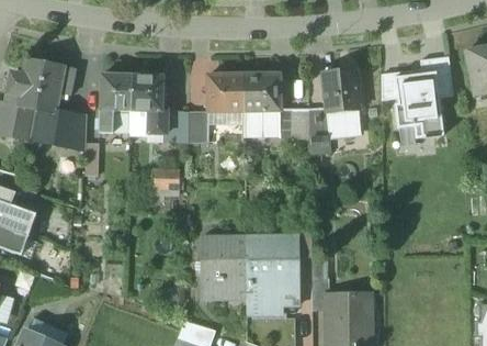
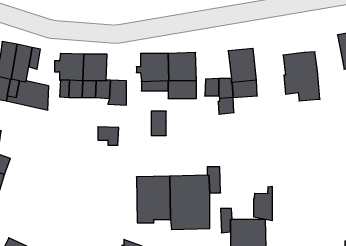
building: [420,56,452,97] -> none
building: [188,110,207,142] -> [151,111,166,135]
building: none -> [254,186,272,221]

